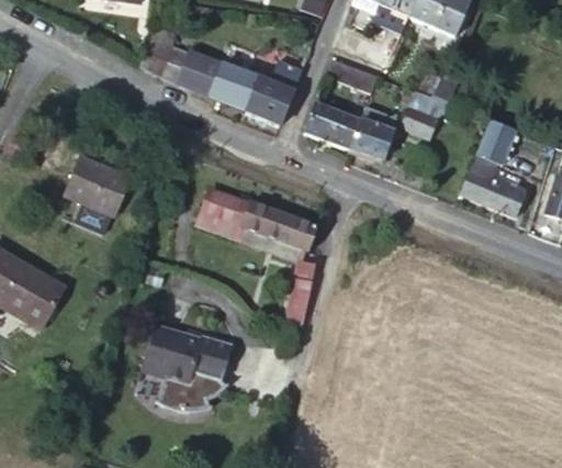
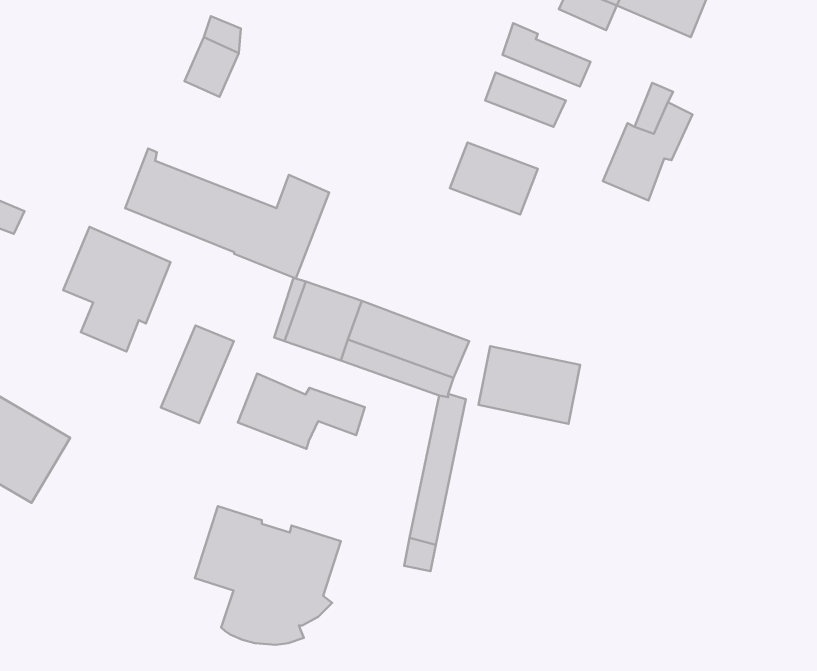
building: [177,43,304,124] -> [125,149,329,279]
building: [349,105,397,160] -> none
building: [462,122,527,216] -> none
building: none -> [161,325,234,423]
building: none -> [478,346,580,424]
building: none -> [238,374,365,449]

